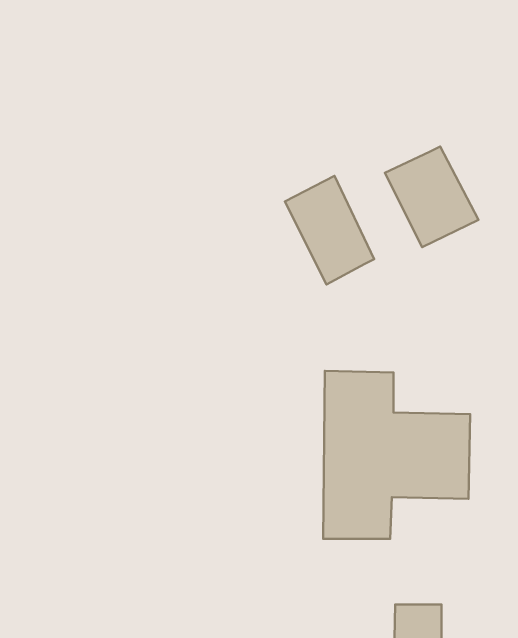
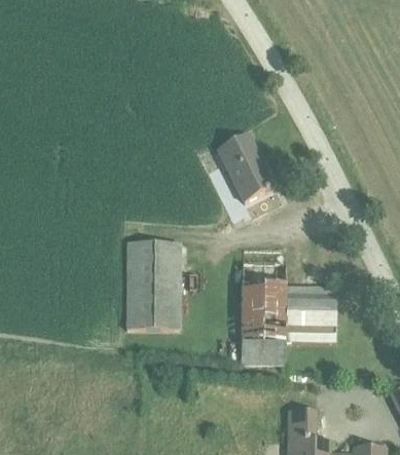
building: [385,147,479,247] -> none
building: none -> [125,240,181,328]

